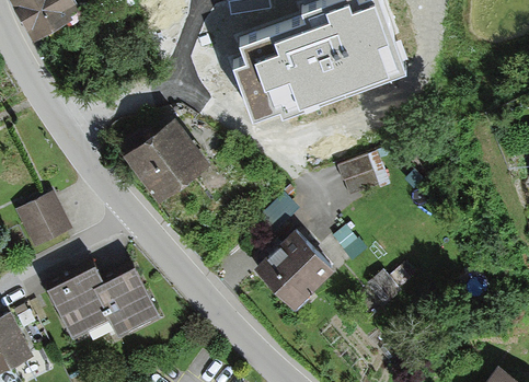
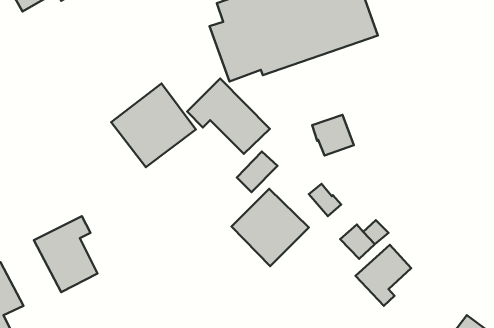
building: none -> [187,79,270,154]
building: [16,188,74,246] -> none
building: [94,263,161,336] -> none
building: none -> [356,245,411,306]

